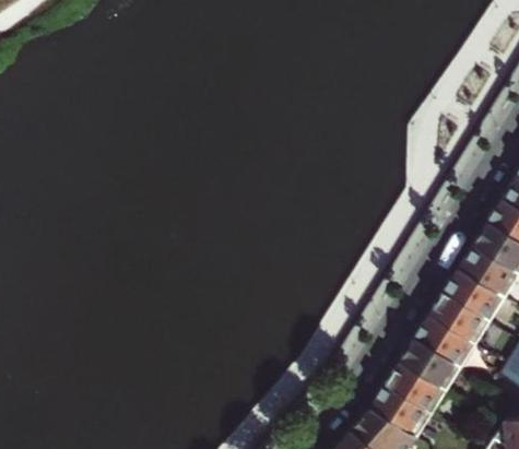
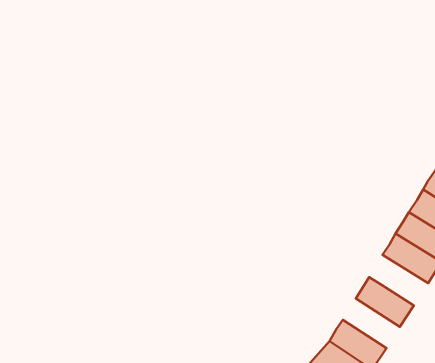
building: [414,314,477,368] -> none
building: [386,361,447,414] -> none

